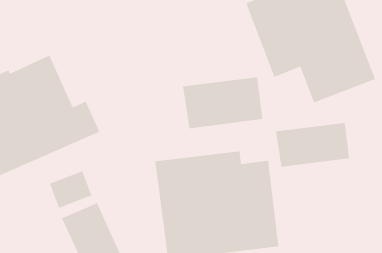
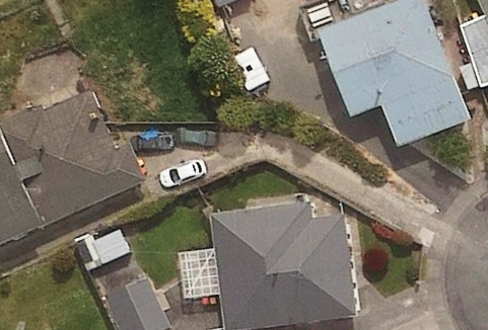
building: [183,77,263,129] -> none
building: [275,122,349,168] -> none

